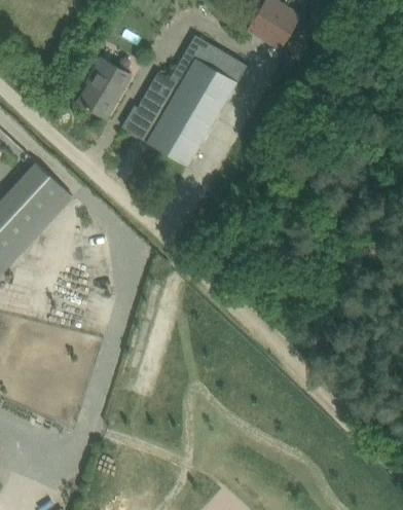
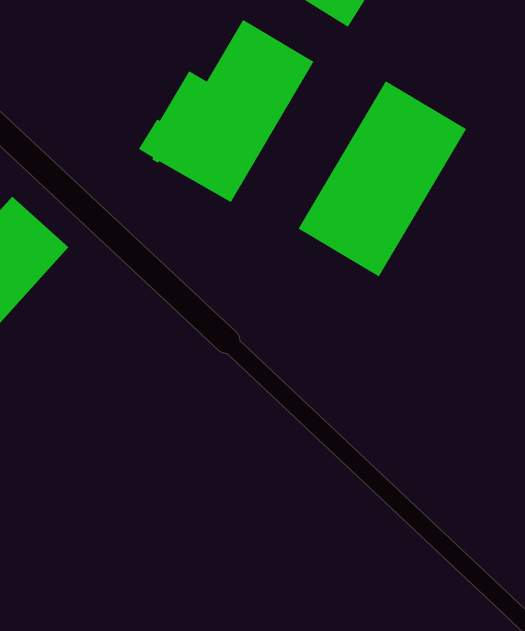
building: [79,60,132,119] -> none
building: none -> [298,80,467,278]

